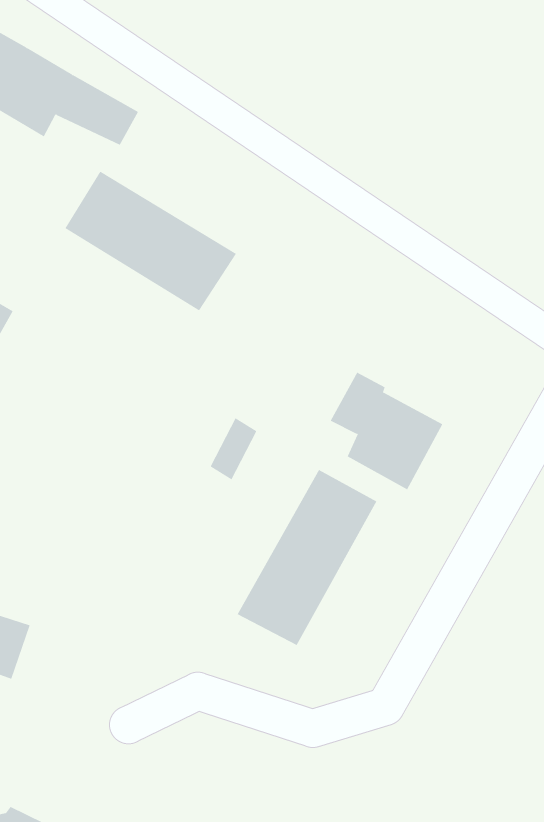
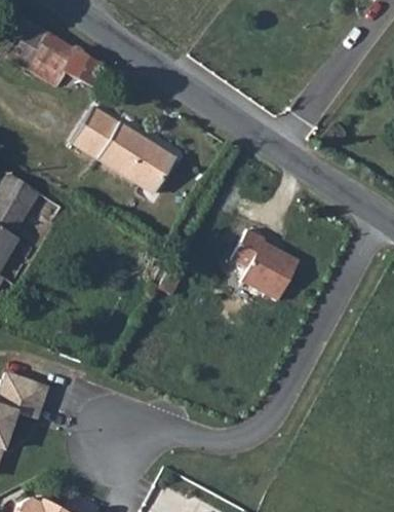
building: [237,469,377,646] -> none

